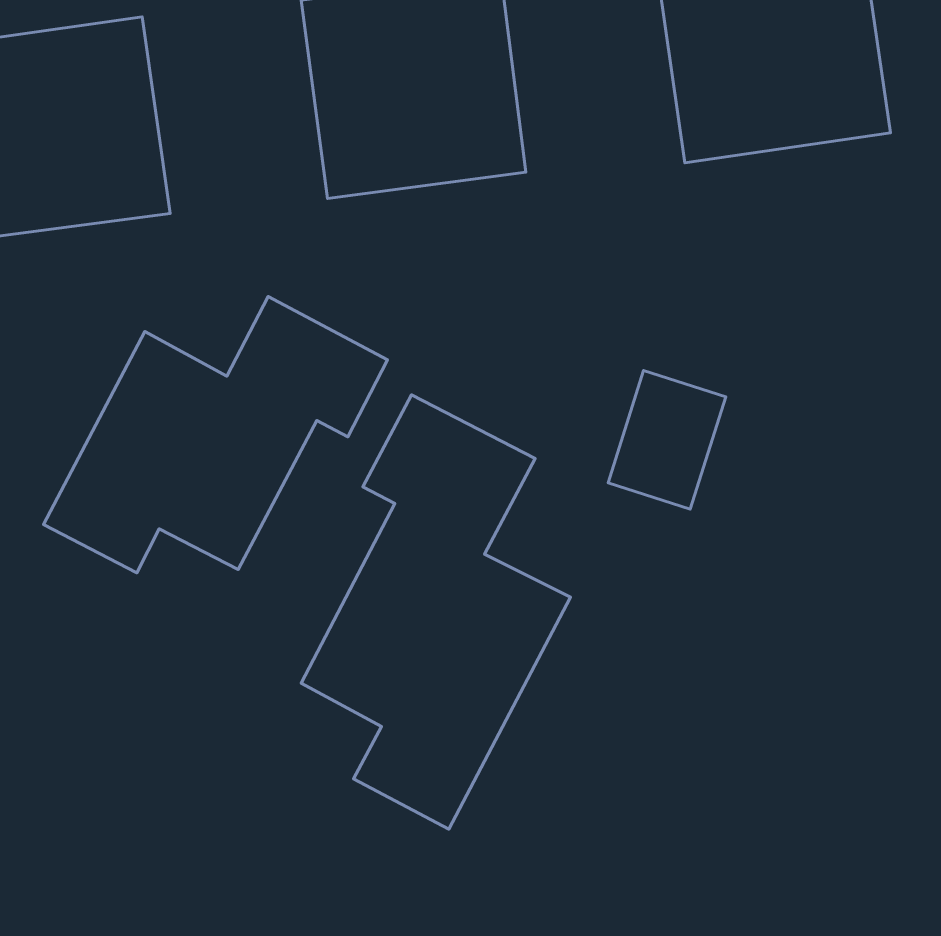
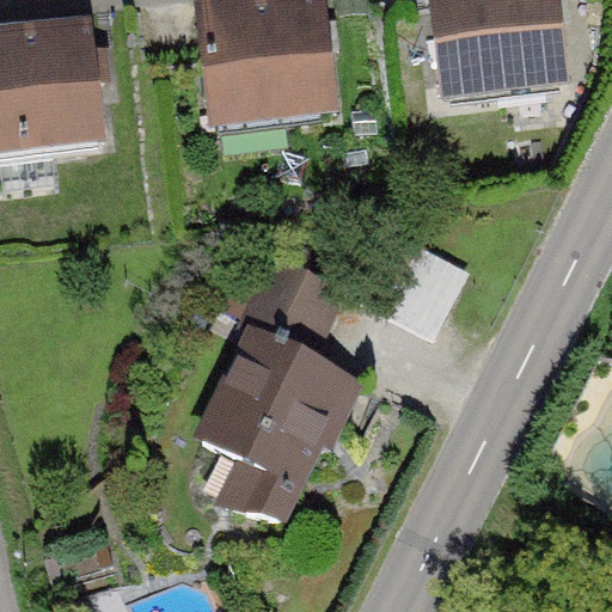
building: [44,296,387,573] -> none

